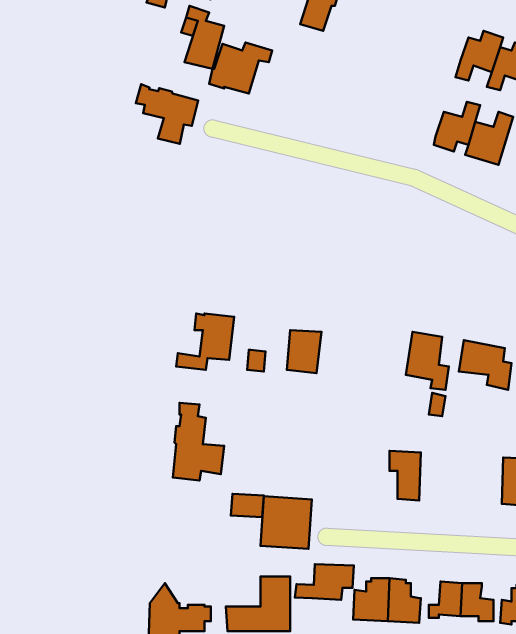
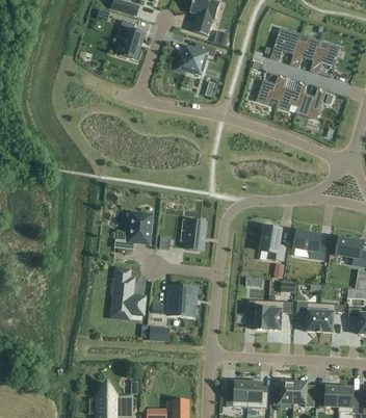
building: none -> [270,27,300,60]
building: [209,42,272,94] -> [177,43,216,75]
building: [136,84,198,144] -> none
building: none -> [256,74,286,105]
building: none -> [267,301,292,331]
building: none -> [296,302,320,333]
building: [260,496,312,549] -> [165,284,198,317]
building: [295,564,354,600] -> none

